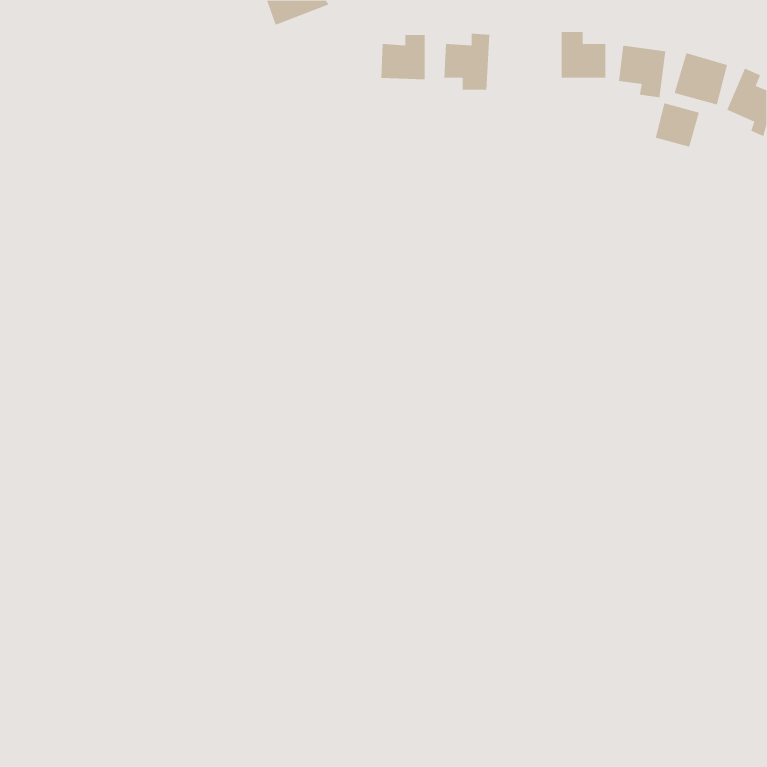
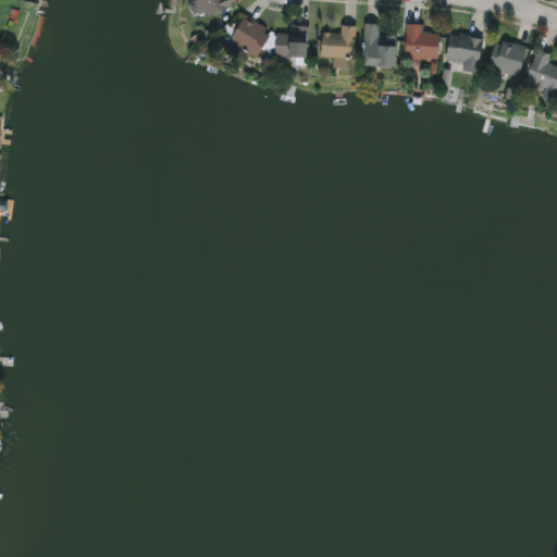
building: none -> [226,17,270,63]
building: none -> [363,24,396,66]
building: [655,103,700,147] -> none

